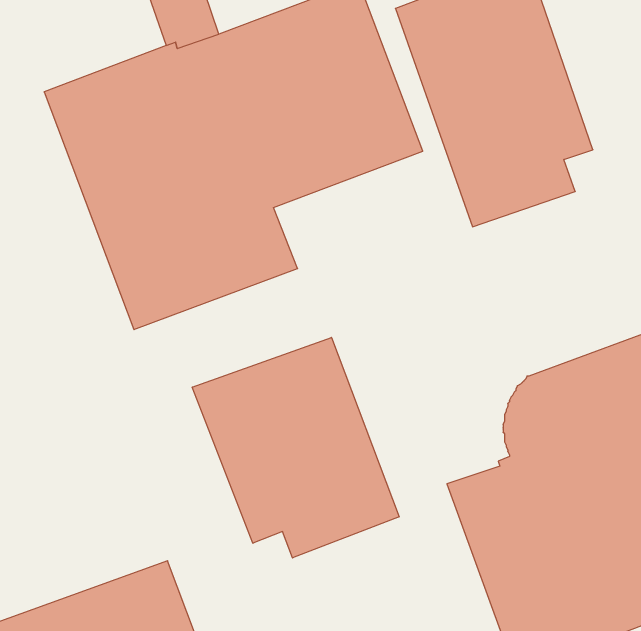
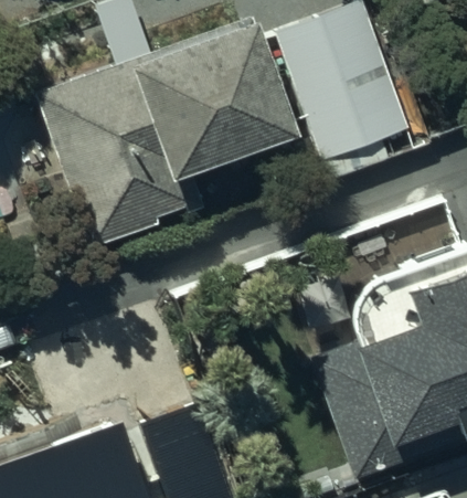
building: [192,337,399,558] -> none

